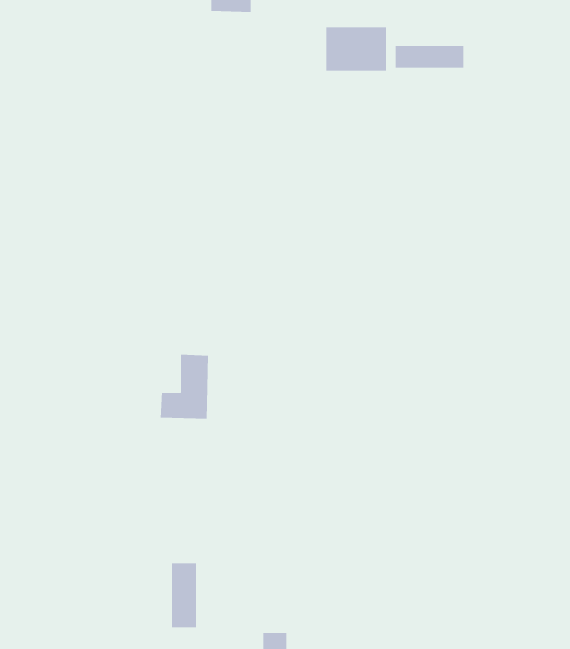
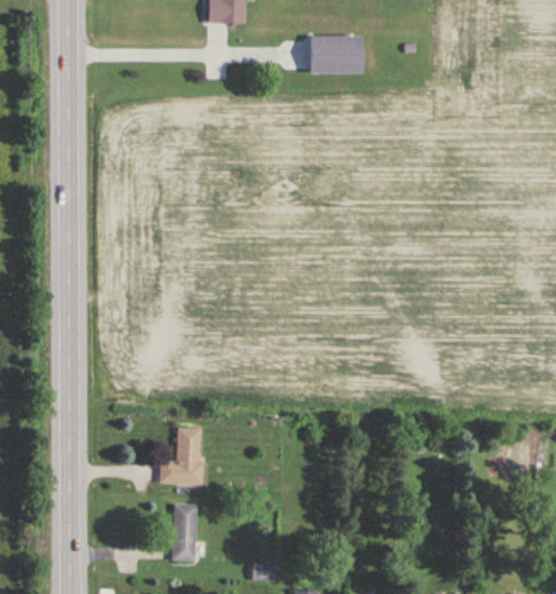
building: [395,45,464,68] -> none
building: [160,354,209,419] -> [159,427,202,484]

